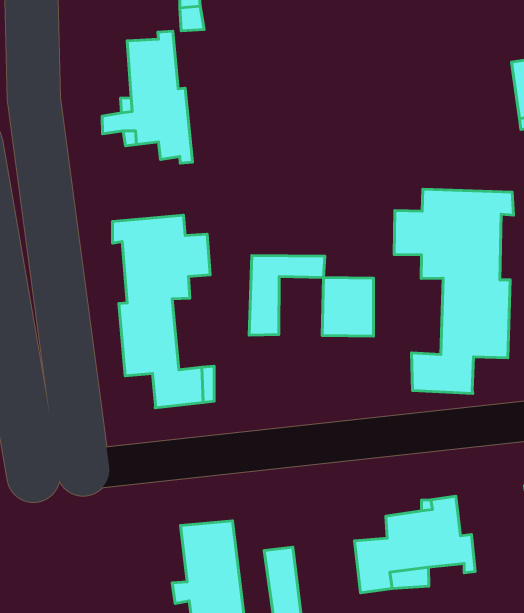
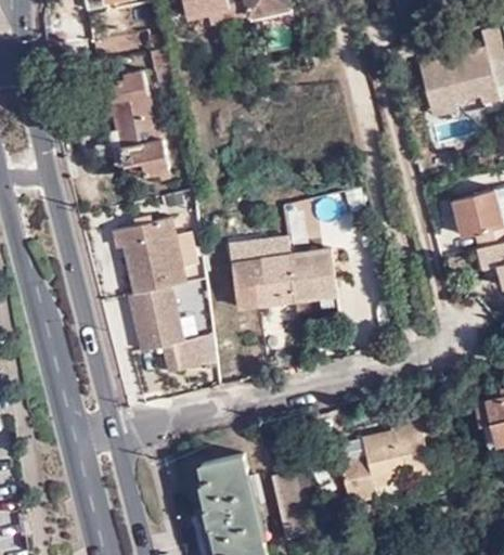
building: [394,189,513,393] -> none
building: none -> [254,254,294,304]

